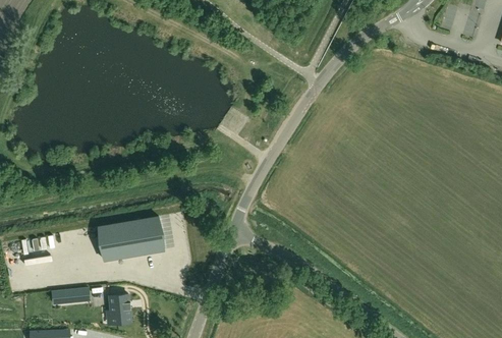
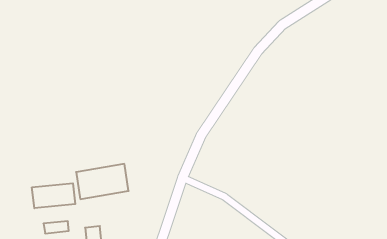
building: none -> [32,183,75,208]

